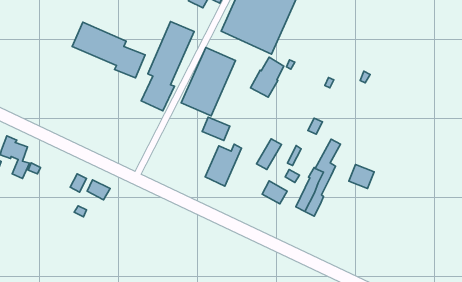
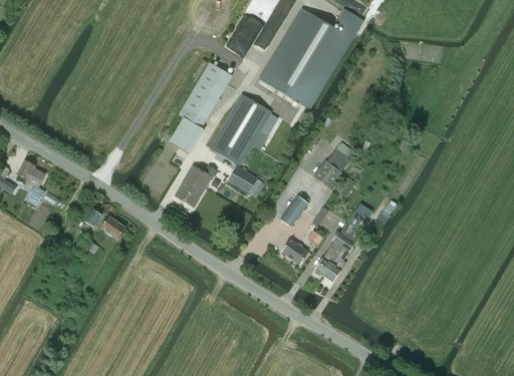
building: [72,22,145,78] -> none
building: [251,57,284,97] -> [313,147,350,189]
building: [205,144,242,186] -> [175,164,216,207]
building: [349,164,374,189] -> none

